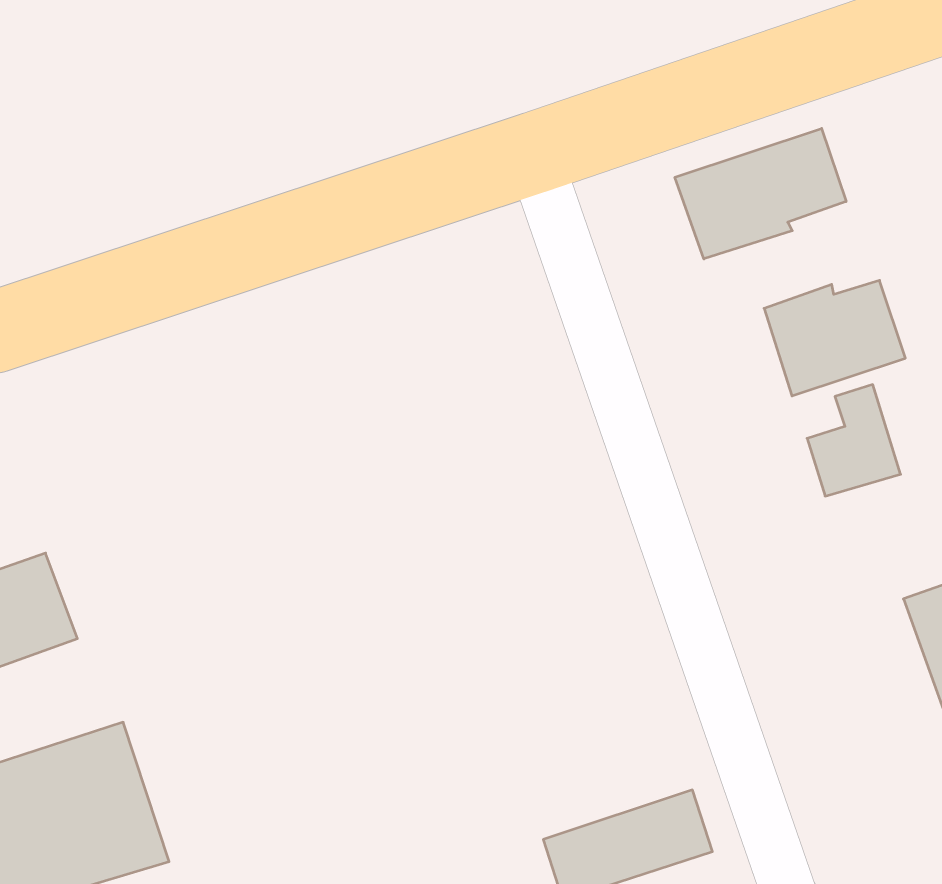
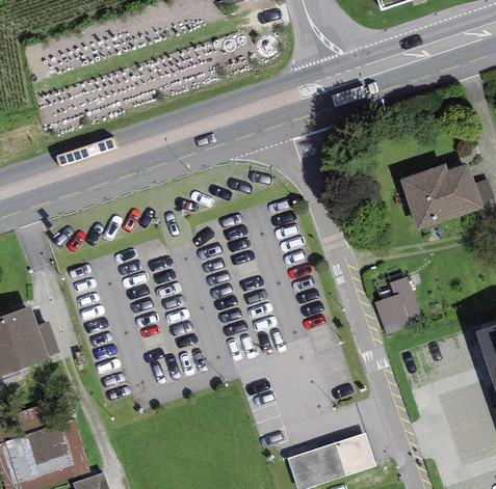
building: [675,128,846,259] -> none
building: [807,385,901,496] -> [374,273,423,331]

